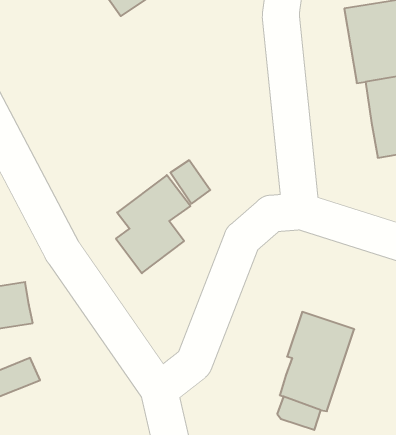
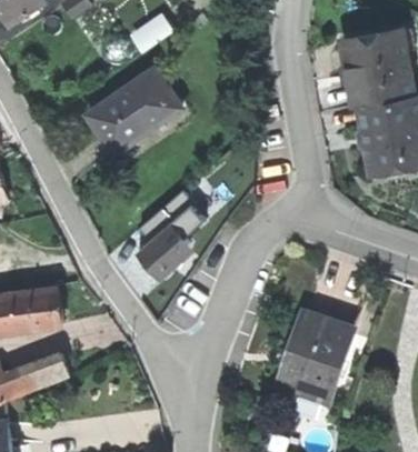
building: none -> [86,68,181,154]

